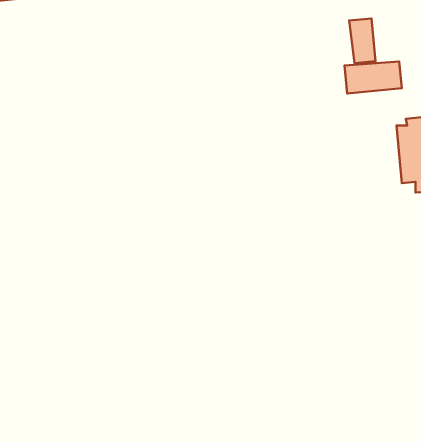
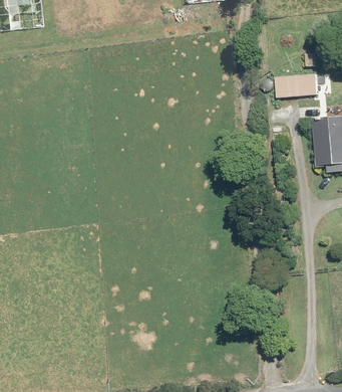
building: [349,18,376,63] -> none

